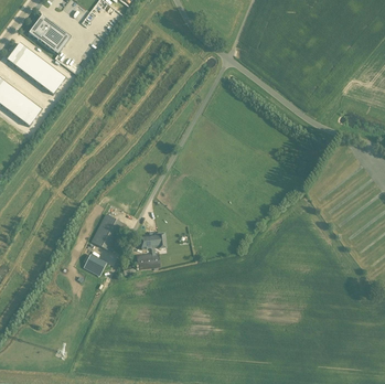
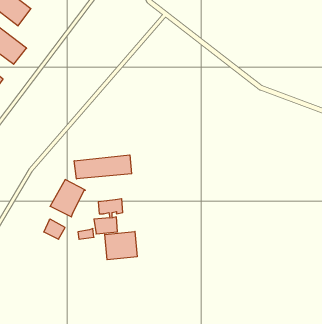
building: none -> [74,155,132,179]
building: none -> [105,231,137,260]

